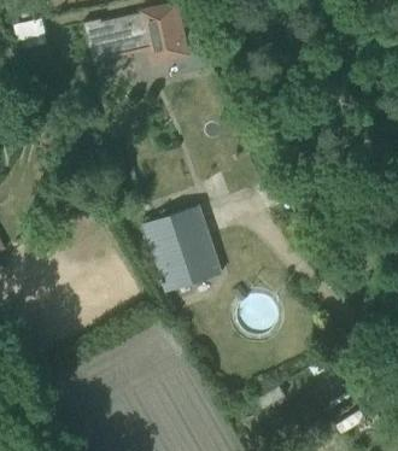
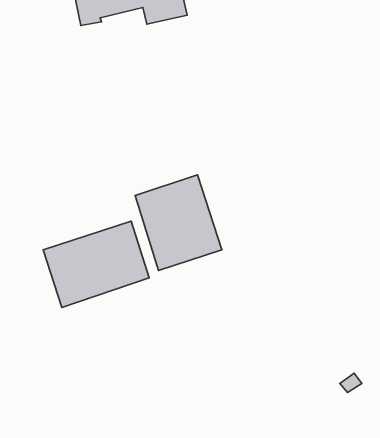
building: none -> [43,221,149,307]

